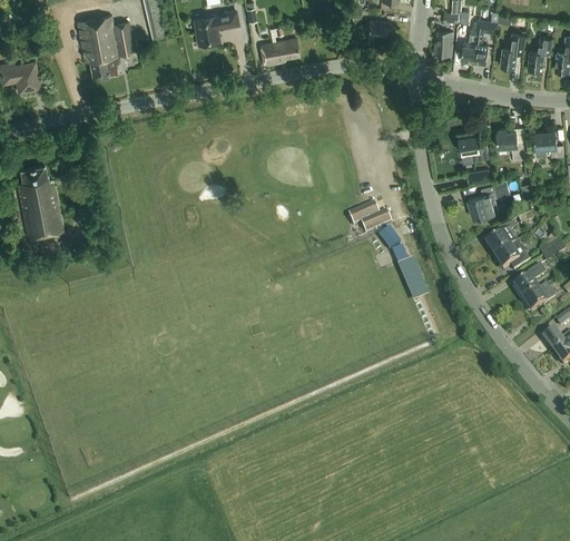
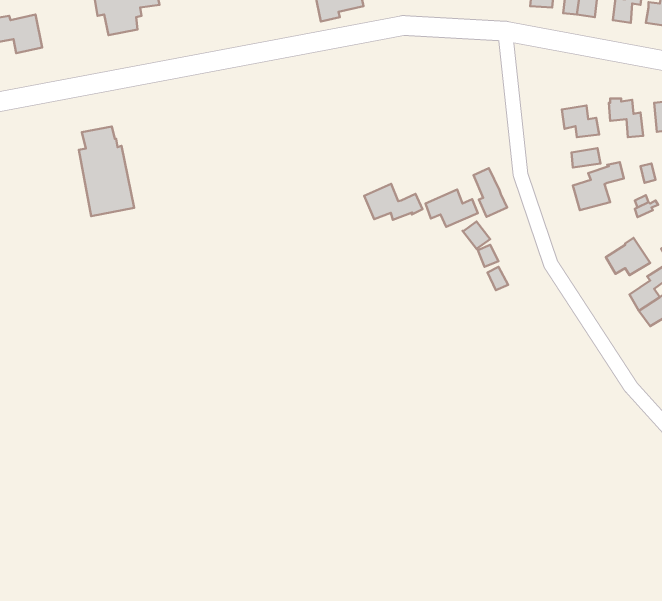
building: [19,165,63,237] -> [79,127,134,216]
building: none -> [473,168,507,217]
building: none -> [364,184,423,220]
building: [487,223,519,257] -> none

